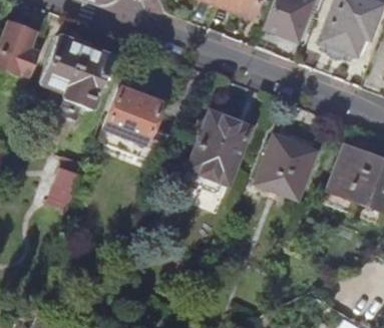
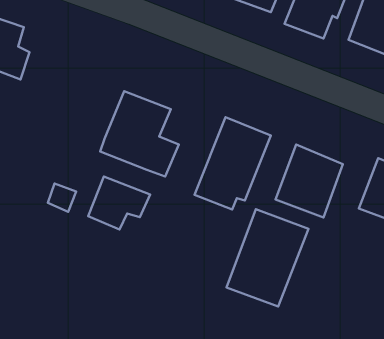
building: [39,35,112,110] -> none
building: none -> [88,177,150,229]
building: none -> [226,209,309,307]

